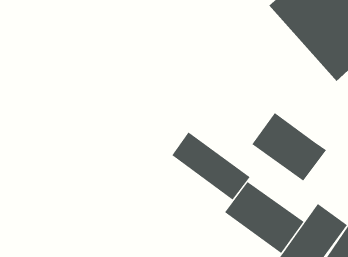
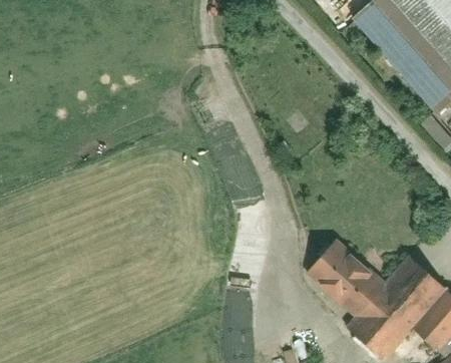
building: [252,112,327,181] -> none
building: [172,132,250,201] -> none

